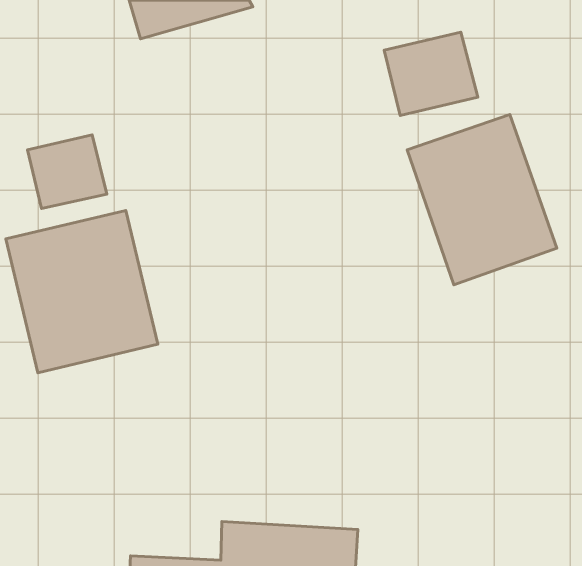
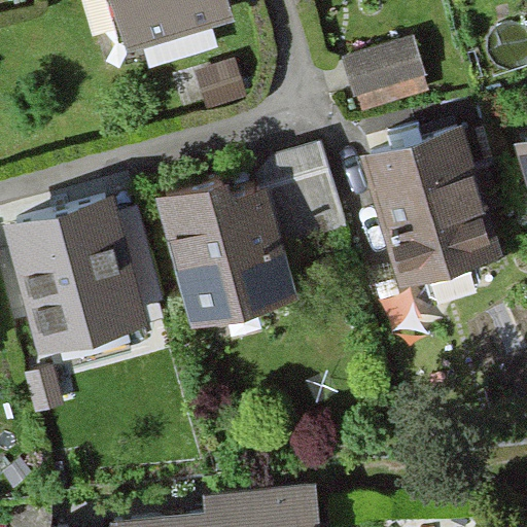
building: [28,135,107,209] -> none
building: none -> [161,152,343,323]

